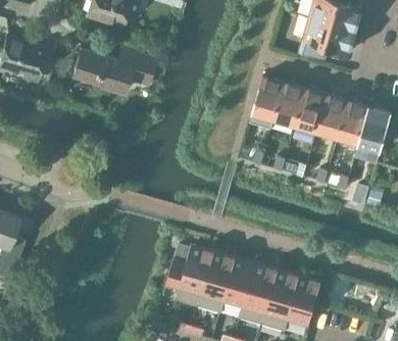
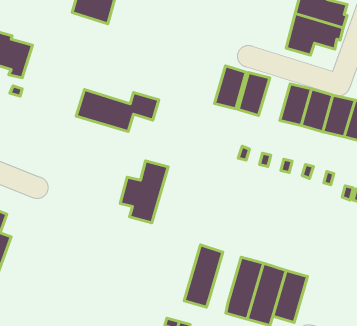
building: [72,48,155,90] -> [76,90,159,131]
building: [272,82,304,125] -> [214,66,246,109]
building: [166,243,214,305] -> [120,161,168,223]
building: [223,256,255,307] -> none

